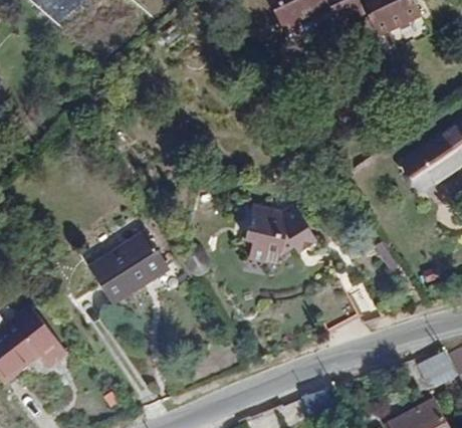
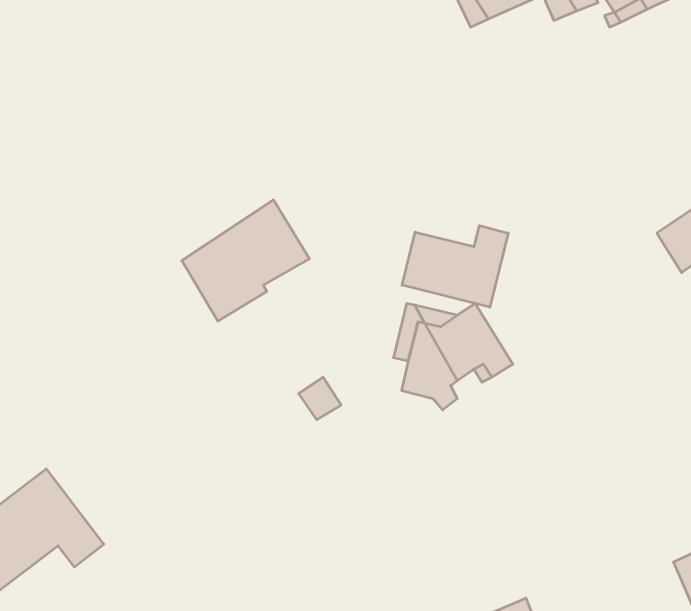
building: none -> [402,226,508,307]
building: [89,228,168,302] -> [182,200,309,321]

